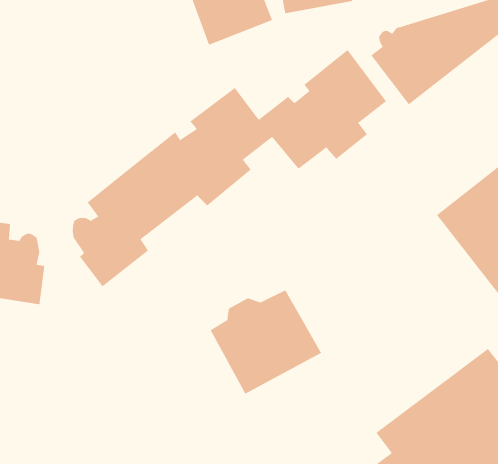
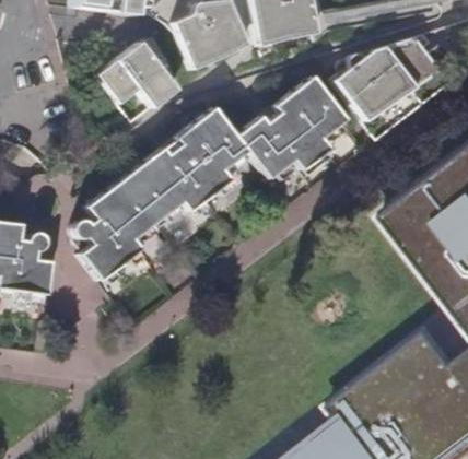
building: none -> [97,43,176,108]
building: [210,290,322,395] -> none

